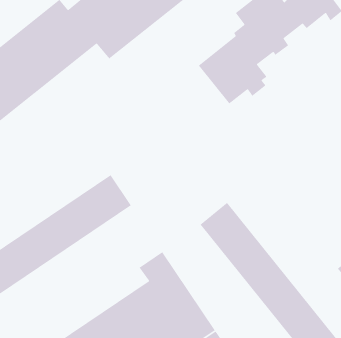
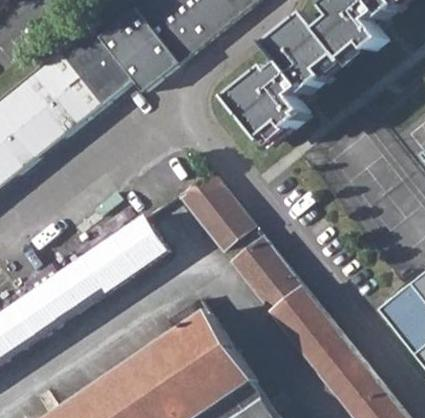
building: none -> [176,171,252,251]

